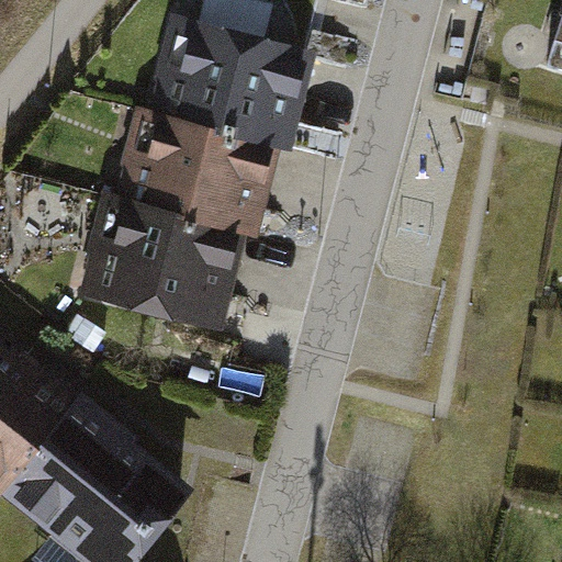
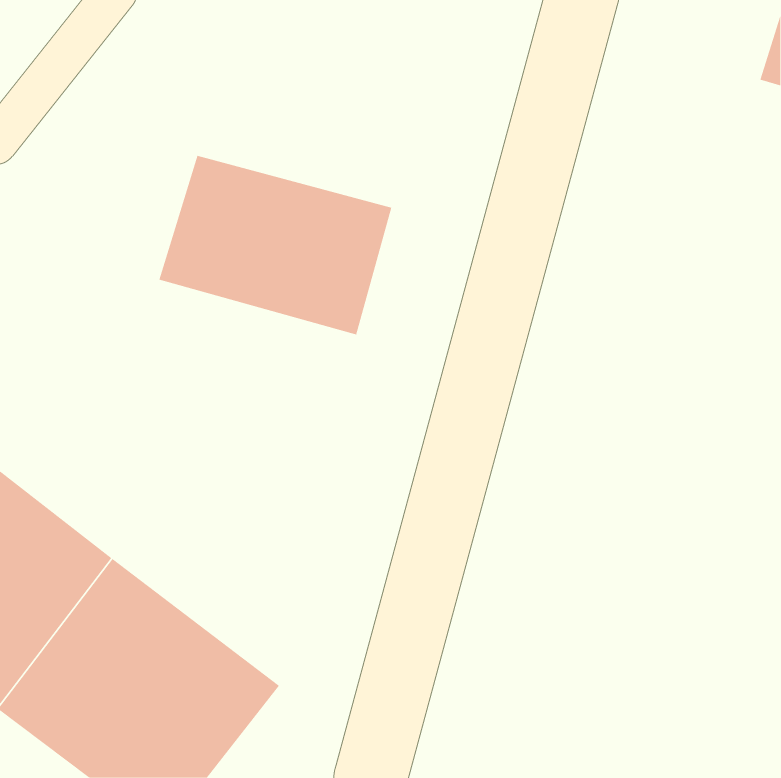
building: [147,12,311,140] -> none
building: [77,210,236,331] -> none

